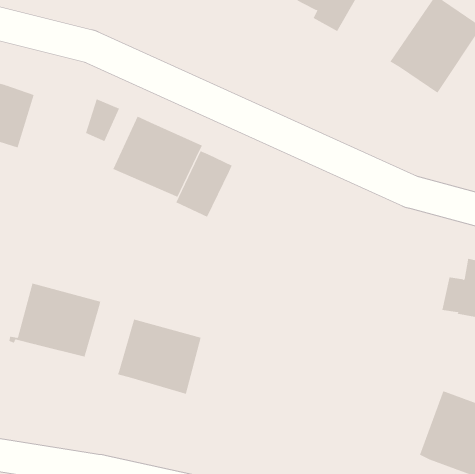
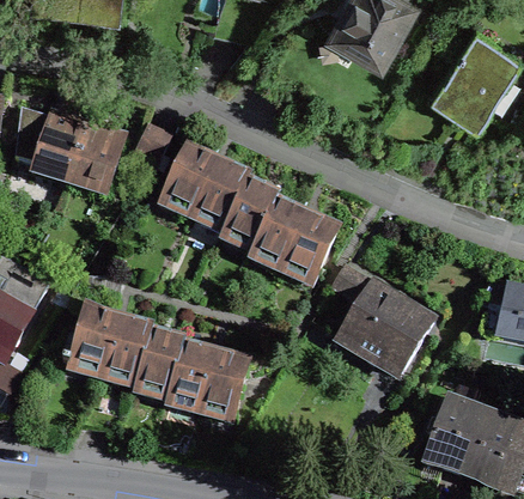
building: none -> [72,126,126,189]
building: none -> [252,200,339,280]
building: none -> [333,268,433,377]
building: none -> [135,330,184,392]
building: none -> [424,398,482,474]

